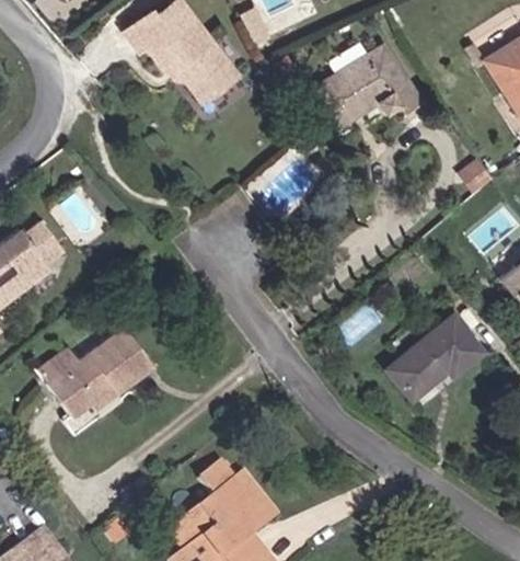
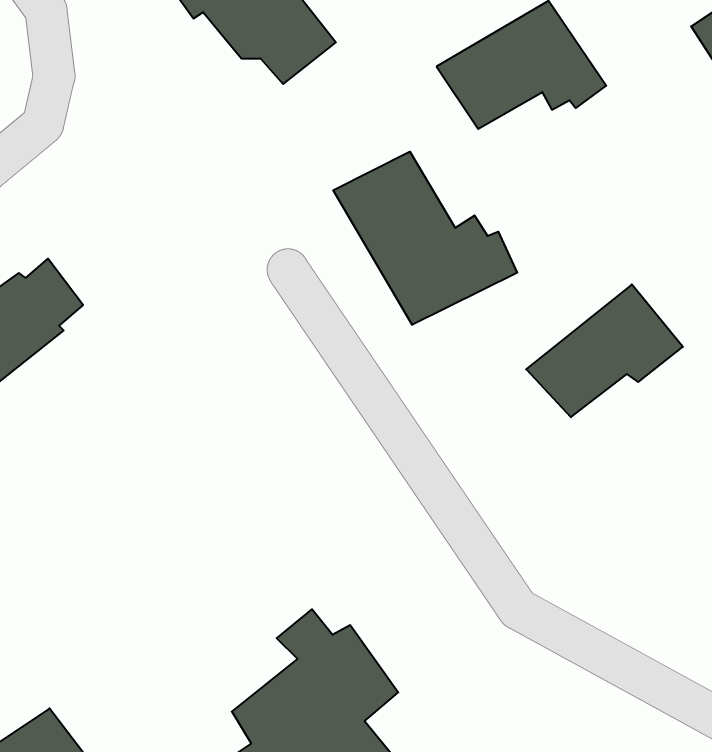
building: none -> [333,152,517,325]
building: [378,312,485,403] -> [526,284,683,417]
building: [35,327,155,417] -> none

